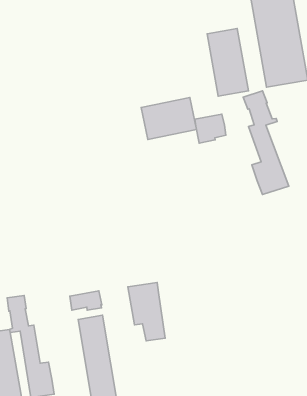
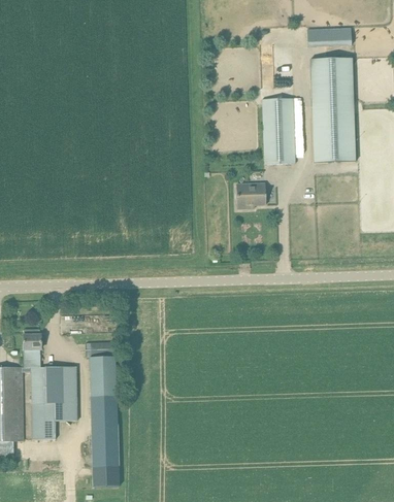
building: [243,91,289,195] -> none
building: [141,98,196,140] -> none
building: [128,283,165,341] -> [46,365,76,422]

